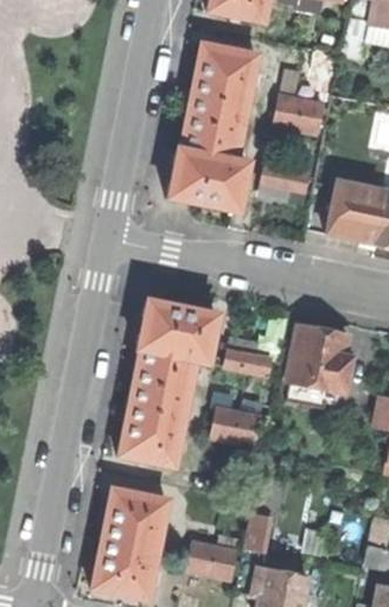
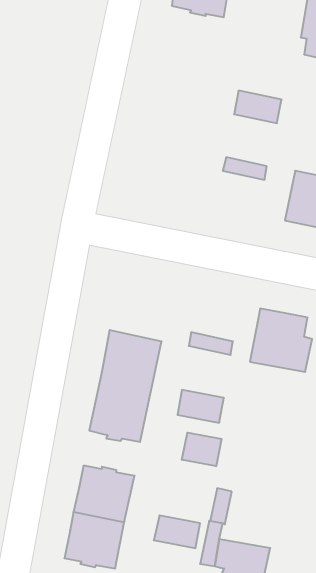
building: [168,43,254,209] -> none
building: [140,301,217,362] -> none
building: none -> [182,433,222,466]

